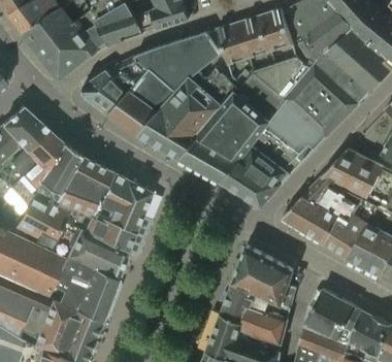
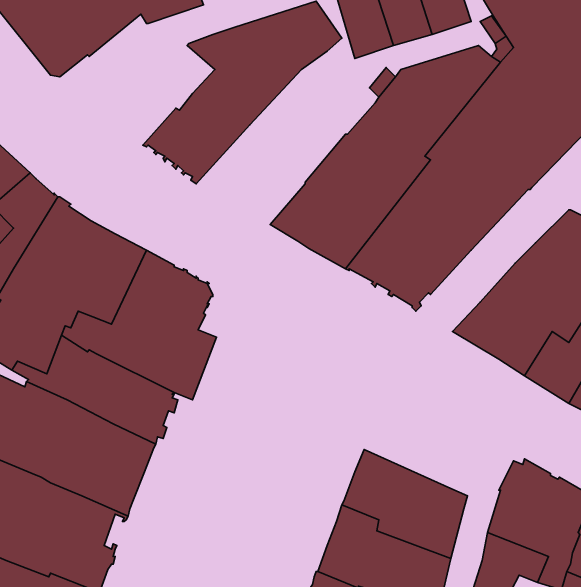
building: [84,58,149,113] -> none
building: [138,70,238,158] -> none
building: [232,245,296,309] -> none

